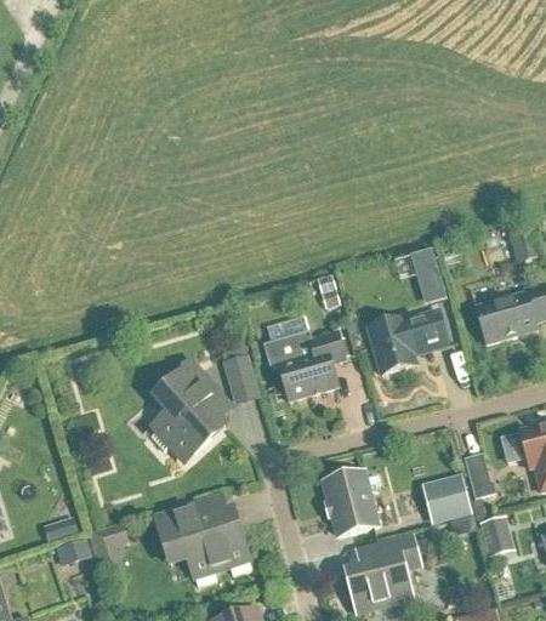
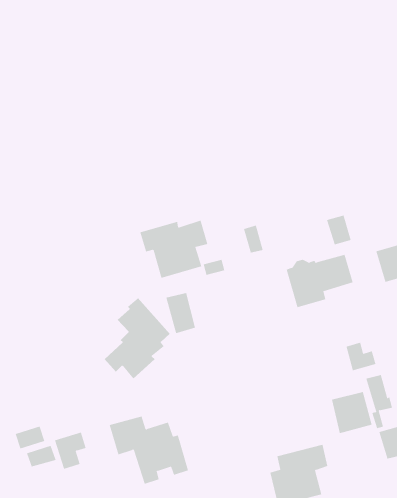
building: [263,329,346,399] -> [140,220,208,279]
building: none -> [346,342,376,371]
building: [324,471,377,534] -> none

